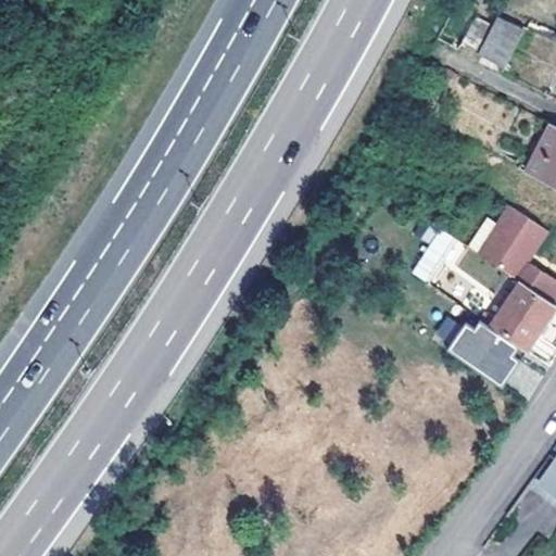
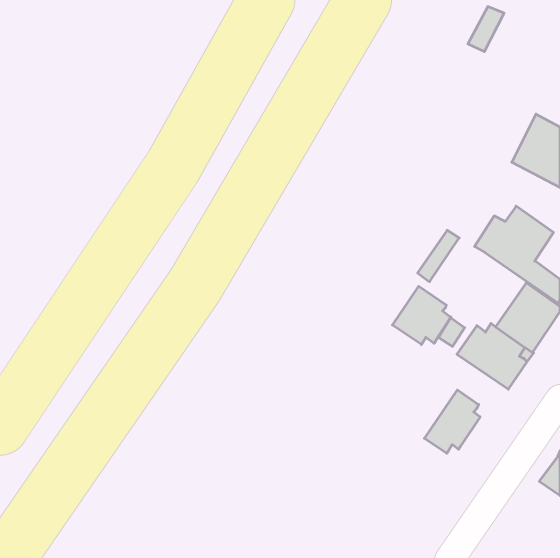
building: [480,15,527,67] -> none
building: none -> [392,286,451,345]
building: none -> [424,390,480,453]

